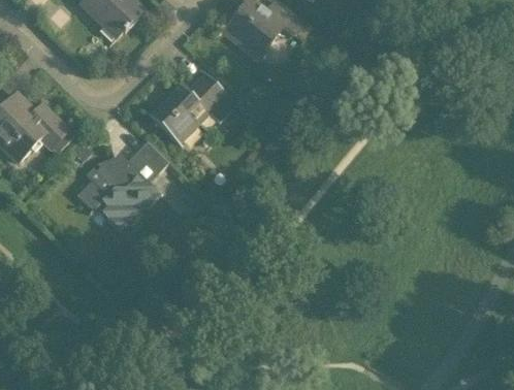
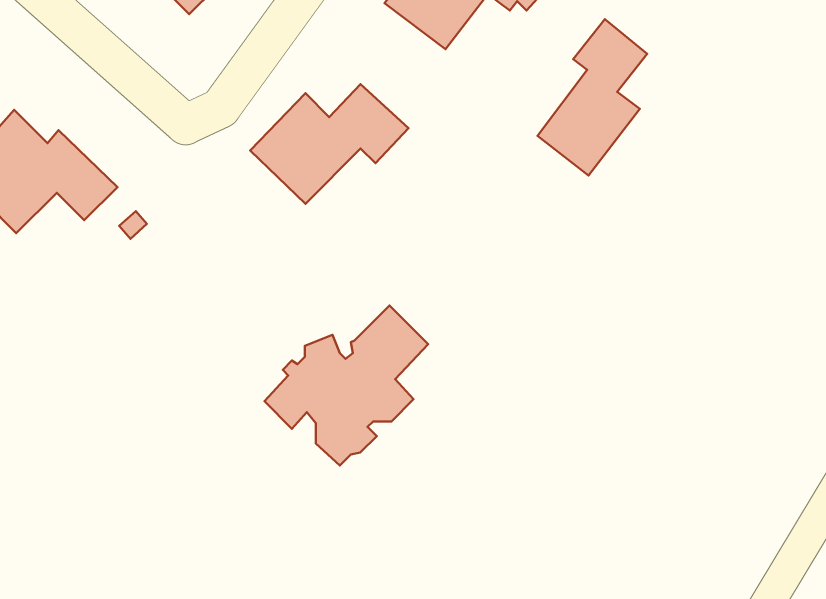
building: none -> [537,19,647,175]
building: [76,139,168,229] -> [264,305,428,466]

